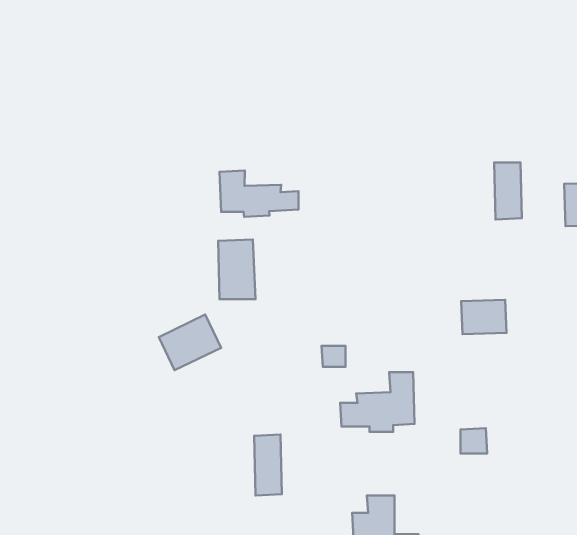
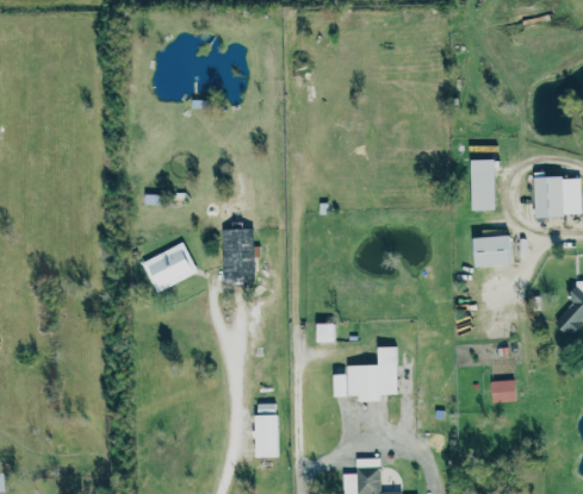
building: [220,171,299,217] -> none
building: [461,300,506,334] -> [471,236,511,267]
building: [159,315,221,370] -> [142,243,198,293]
building: [461,428,487,453] -> [491,380,515,402]

